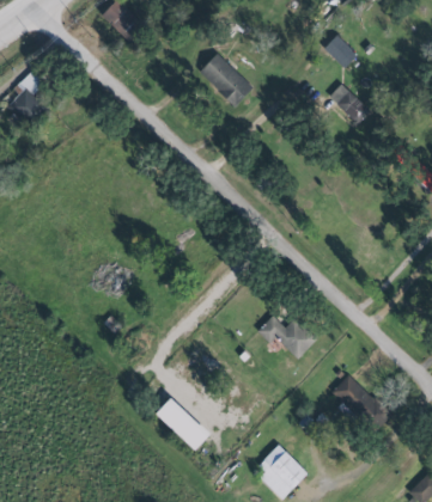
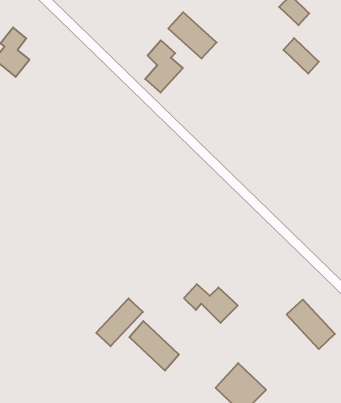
building: none -> [145,40,183,93]
building: [256,316,316,359] -> [184,284,238,323]
building: none -> [96,298,143,346]

